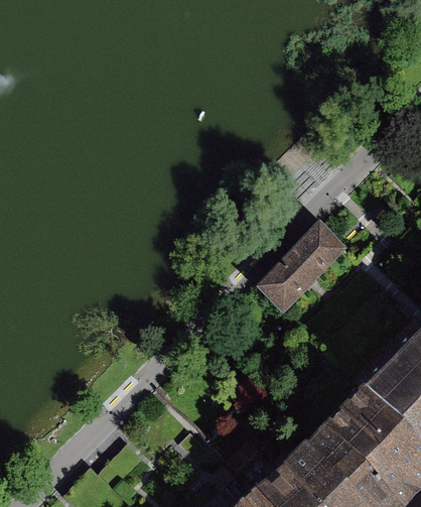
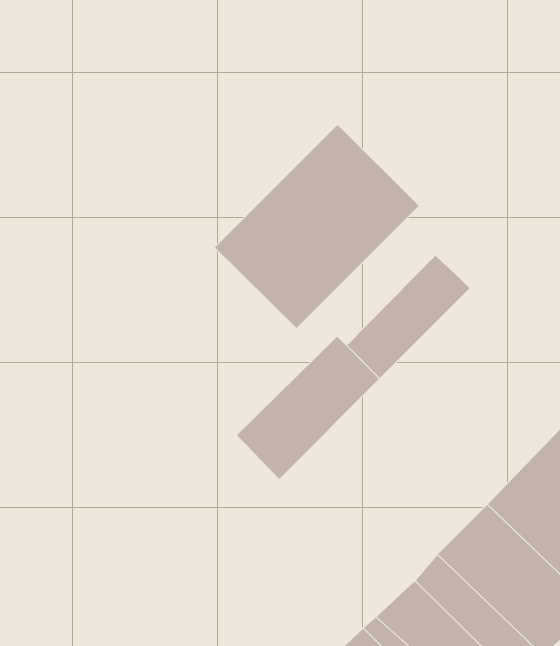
building: none -> [214,124,420,329]
building: none -> [236,336,380,480]

